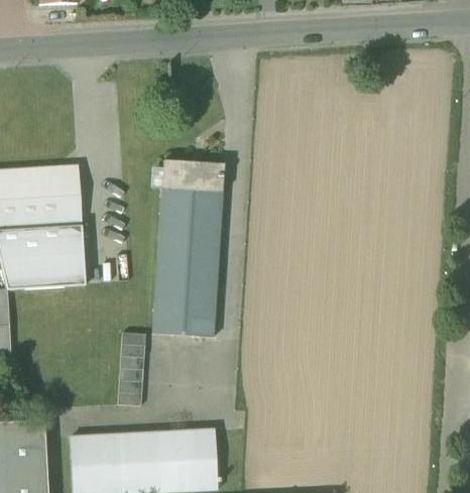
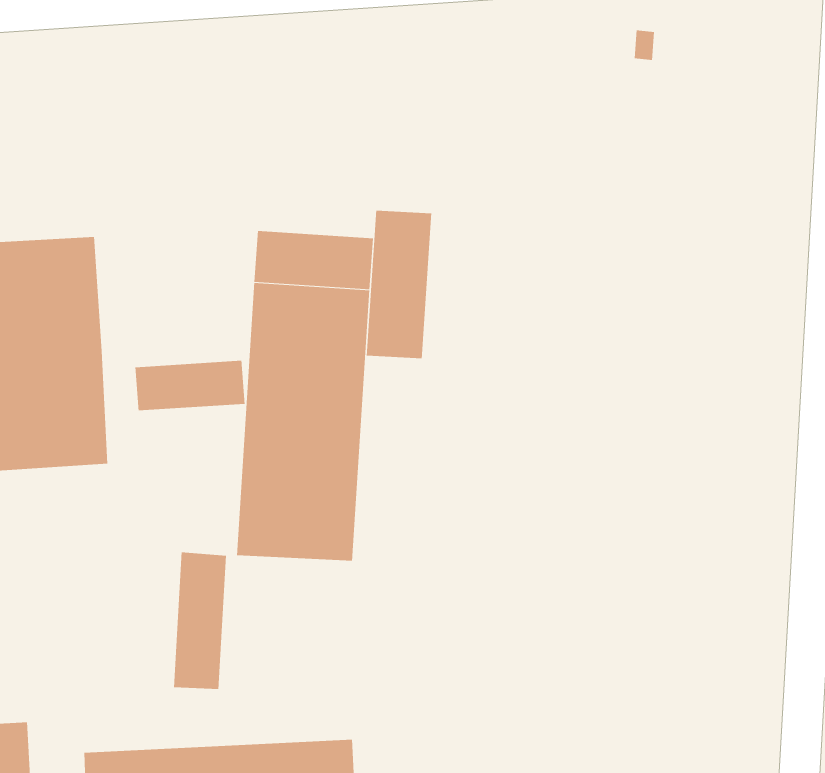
building: none -> [366,210,432,359]
building: none -> [135,360,245,411]

